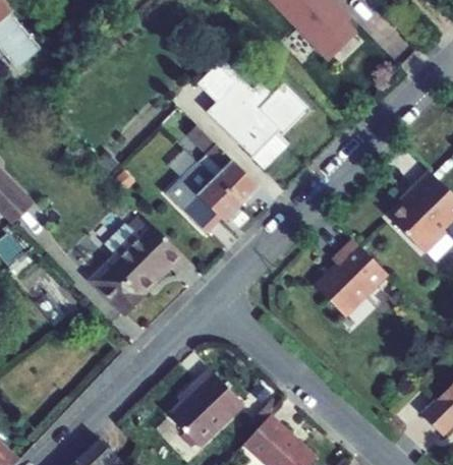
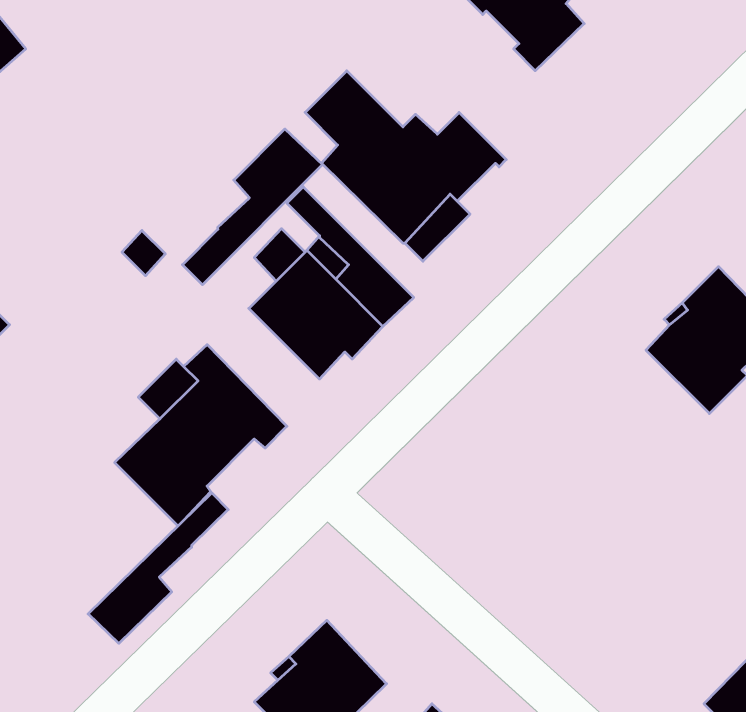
building: none -> [182,129,323,285]
building: [315,238,388,315] -> none
building: none -> [88,493,228,643]

